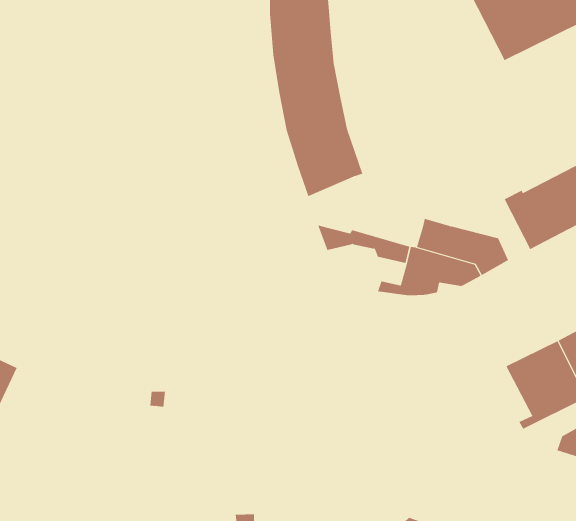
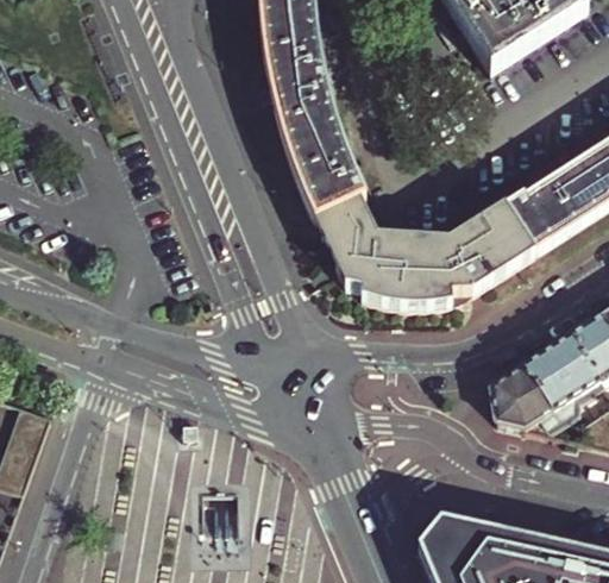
building: none -> [316,194,429,256]
building: none -> [457,201,535,259]
building: none -> [340,259,417,302]
building: none -> [490,362,553,426]

